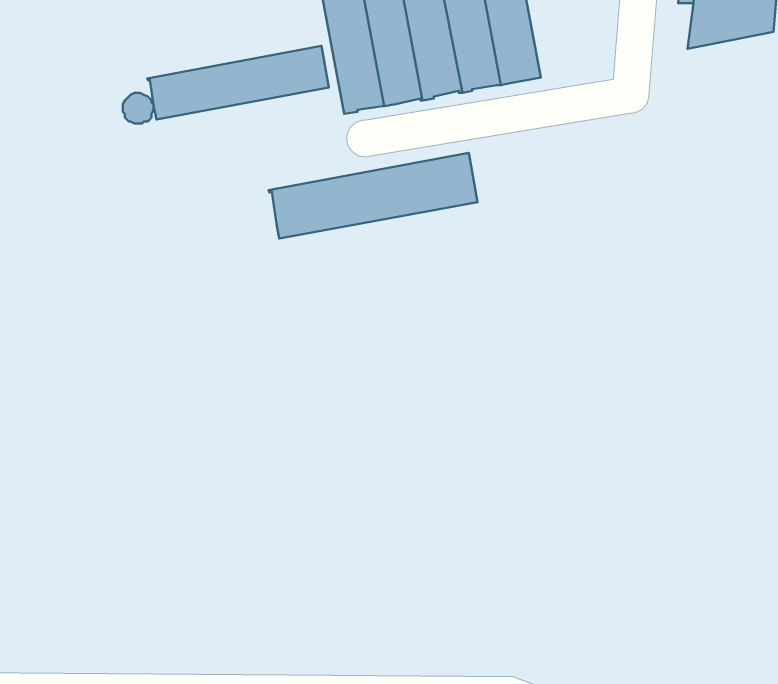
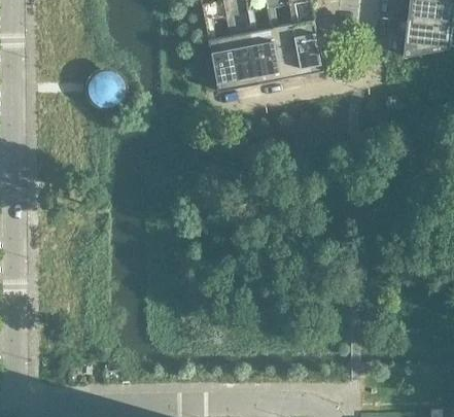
building: [147,46,329,119] -> none
building: [269,153,477,239] -> none

